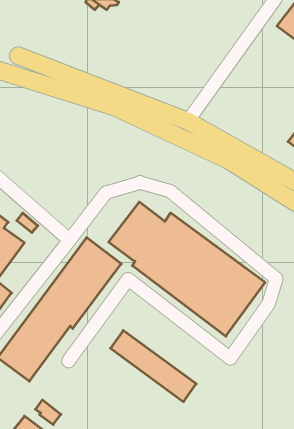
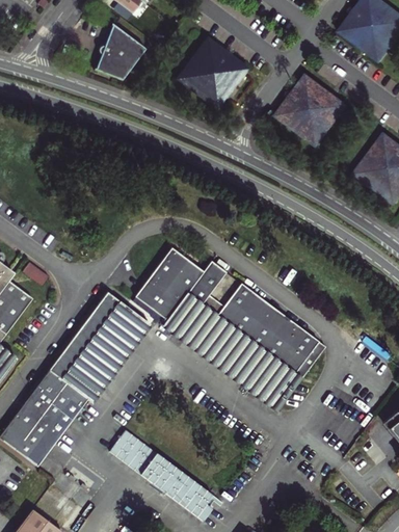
building: none -> [97,25,144,79]
building: none -> [176,37,247,108]
building: none -> [276,75,348,145]
building: [110,330,196,402] -> [108,427,213,514]

